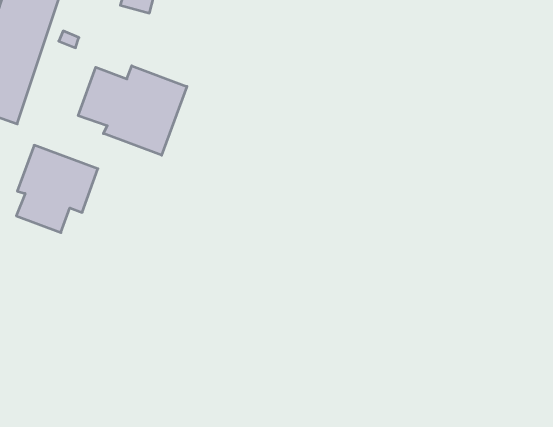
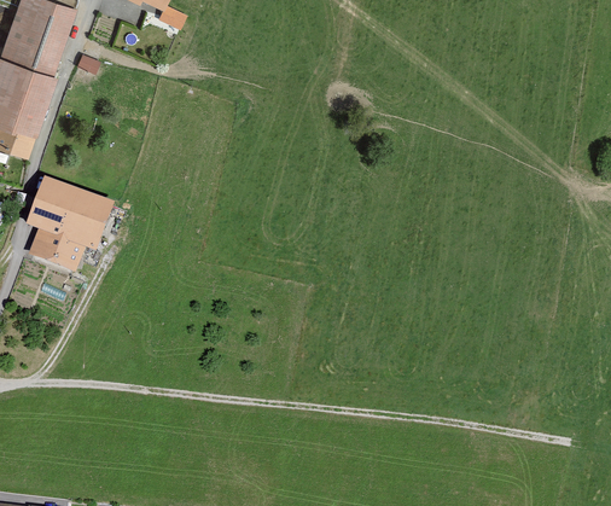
building: [78,66,187,155] -> none

